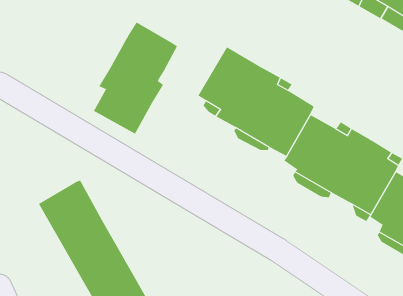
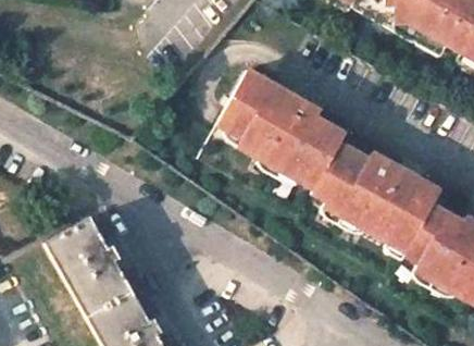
building: [93,21,178,134] -> none

